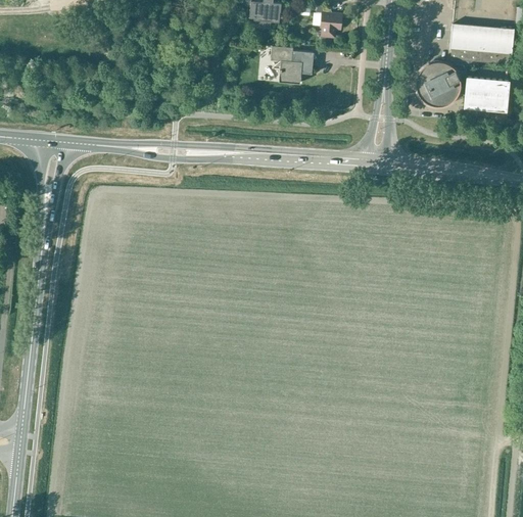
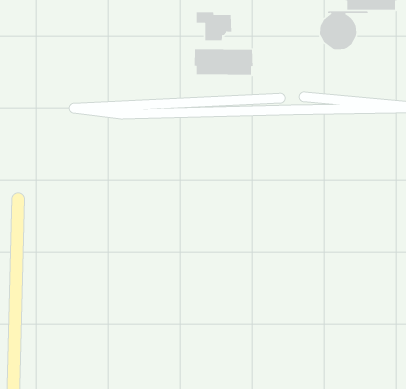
building: [464,76,510,110] -> none
building: none -> [194,49,254,76]

